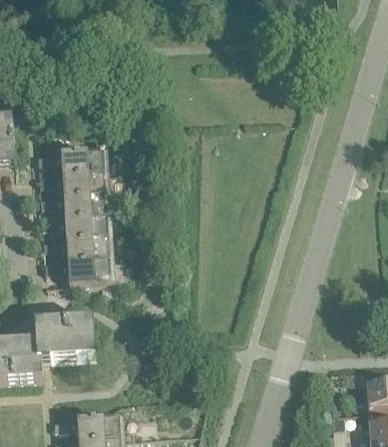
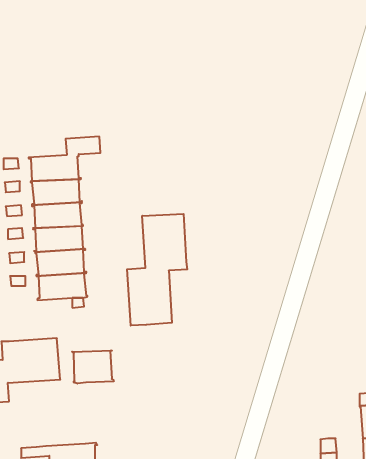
building: none -> [127,214,187,326]
building: none -> [72,351,114,384]

